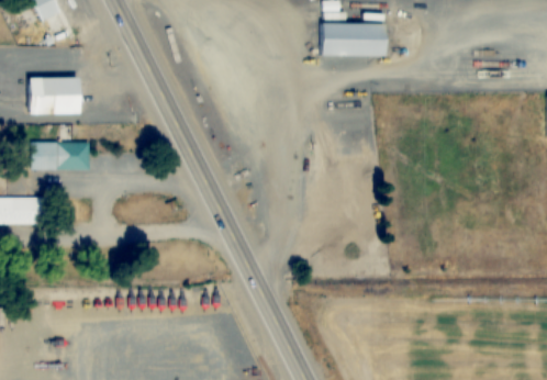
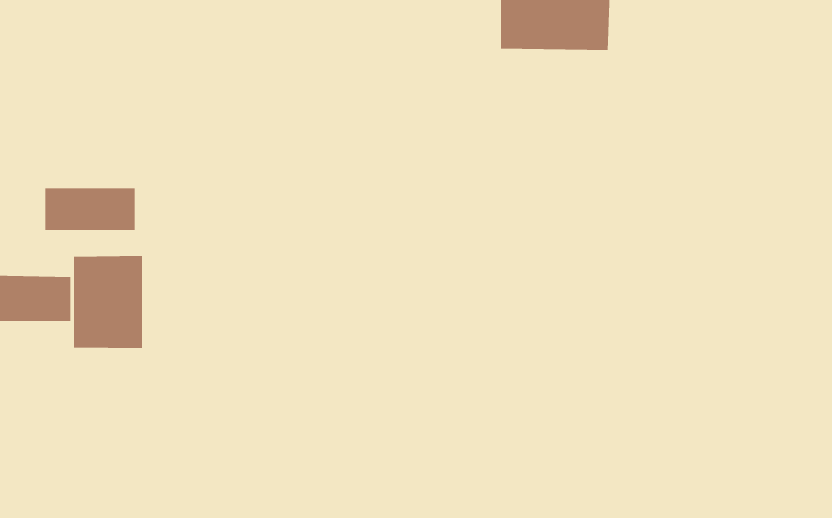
building: [30,78,81,113] -> none
building: none -> [73,255,142,349]

